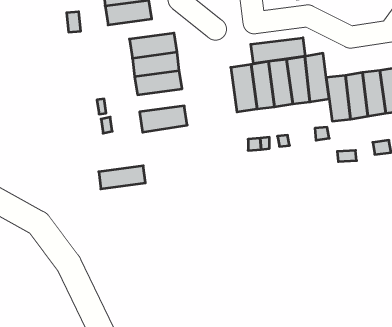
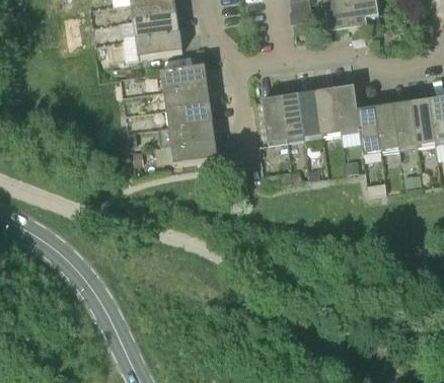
building: [251,38,305,64] -> none
building: [99,166,145,189] -> [167,120,214,143]

